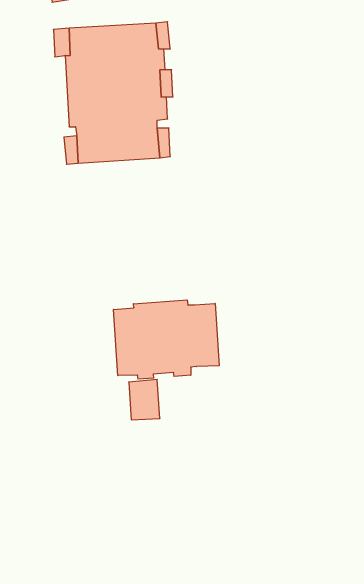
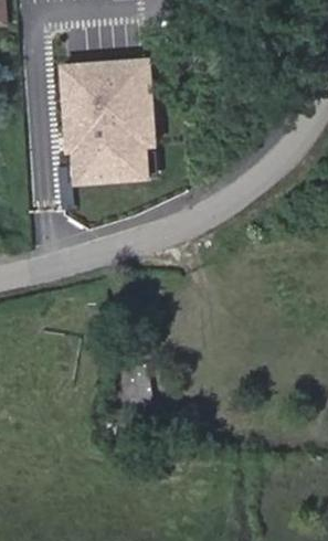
building: [114,300,219,379] -> none

